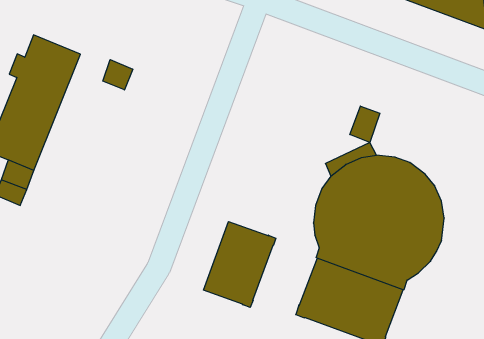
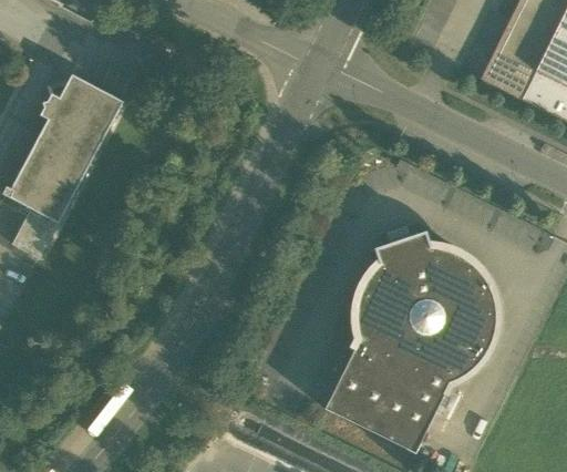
building: [103,60,133,90] -> none
building: [350,106,380,142] -> none
building: [203,222,276,307] -> none

